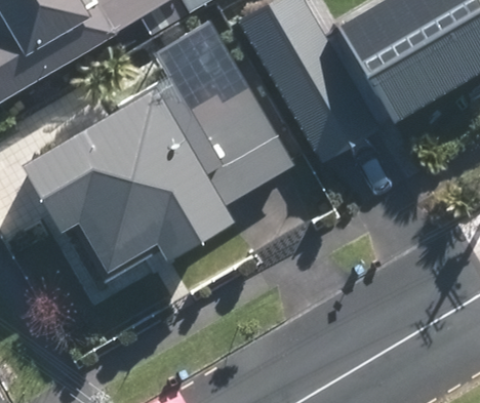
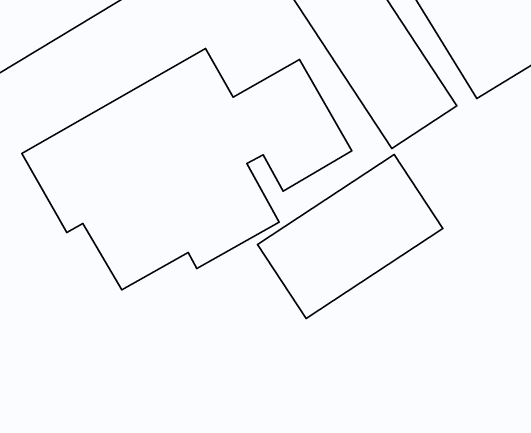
building: none -> [257,155,443,318]

